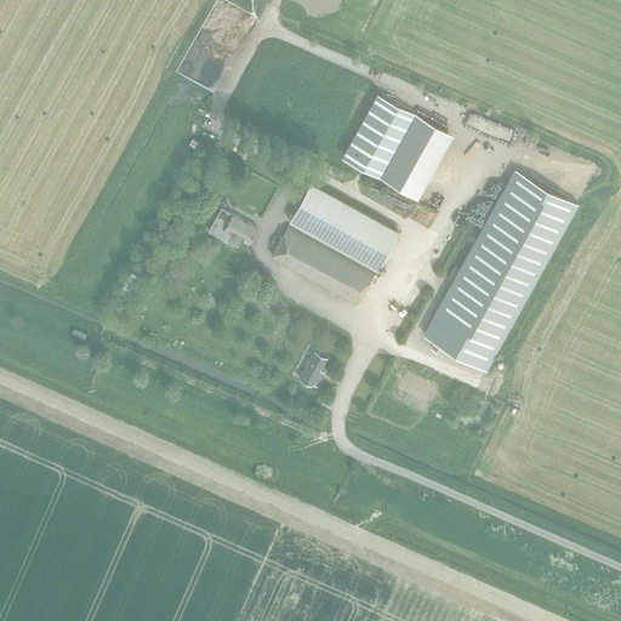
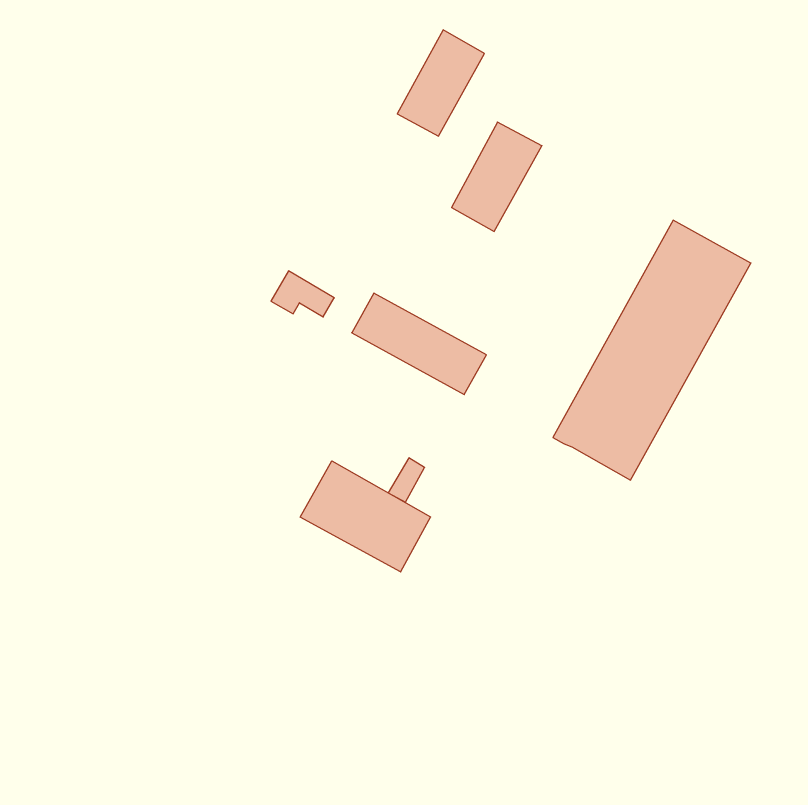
building: [380,116,446,198] -> [397,30,484,136]
building: [289,186,397,272] -> none
building: none -> [300,461,431,572]

